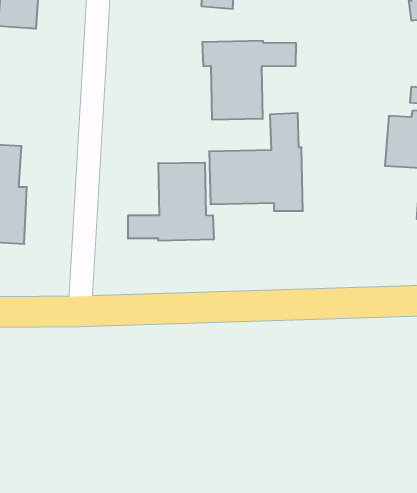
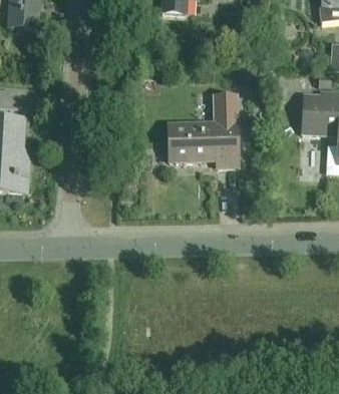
building: [203,41,296,120] -> none
building: [128,162,214,241] -> none

